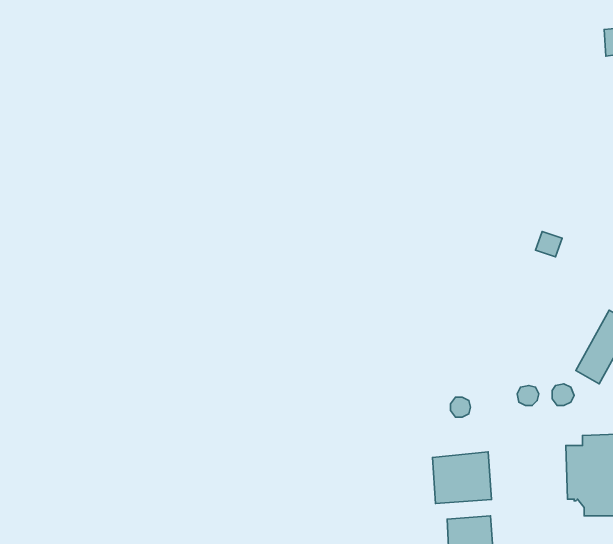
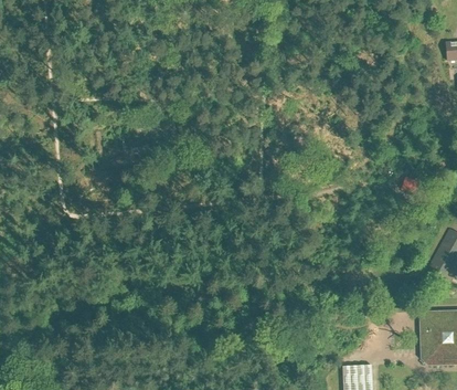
building: [432,452,491,503] -> none

